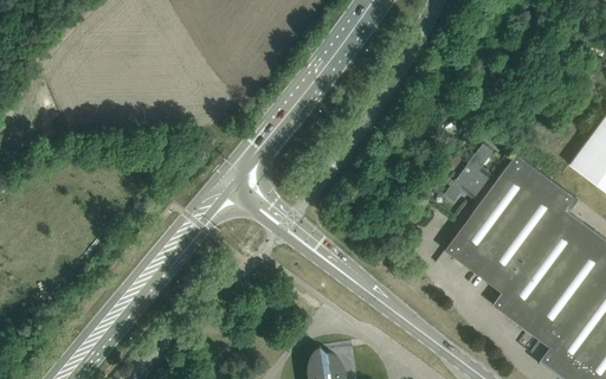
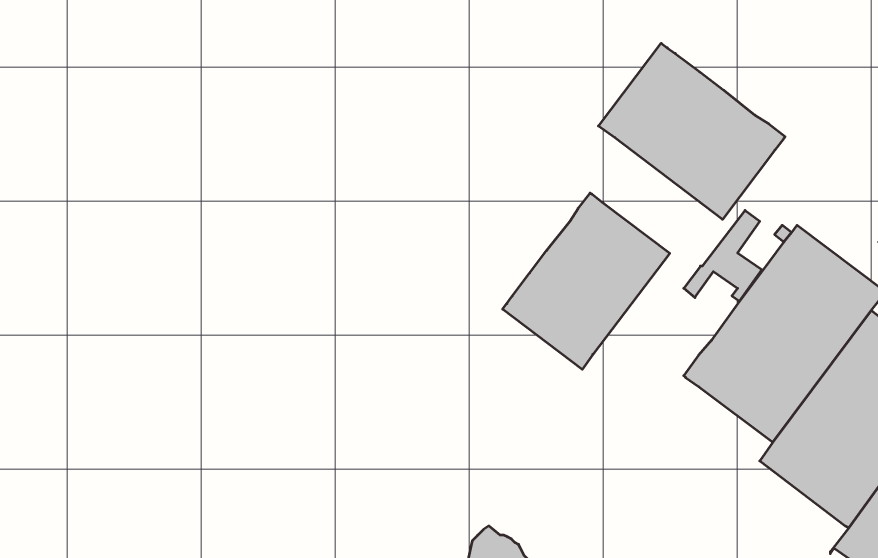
building: none -> [598,43,785,219]
building: none -> [503,193,670,369]

